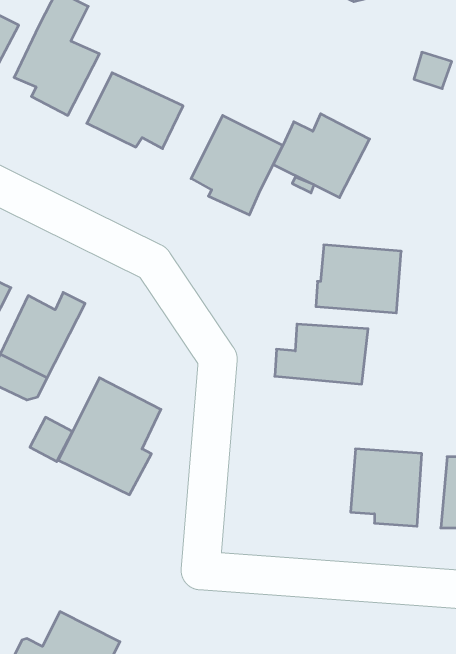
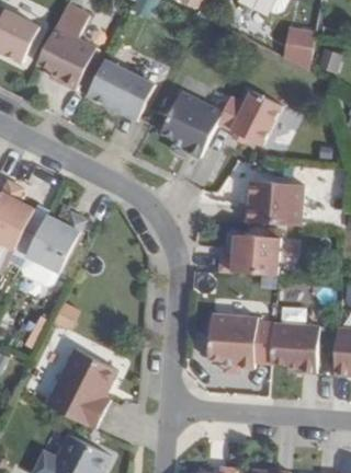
building: none -> [275,23,313,66]
building: [58,378,161,495] -> [45,347,116,428]
building: none -> [207,312,258,369]

